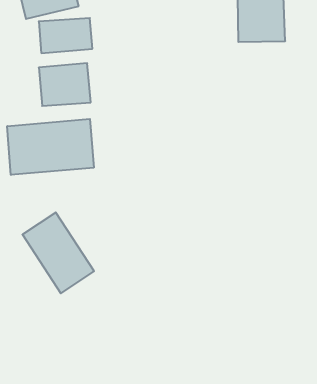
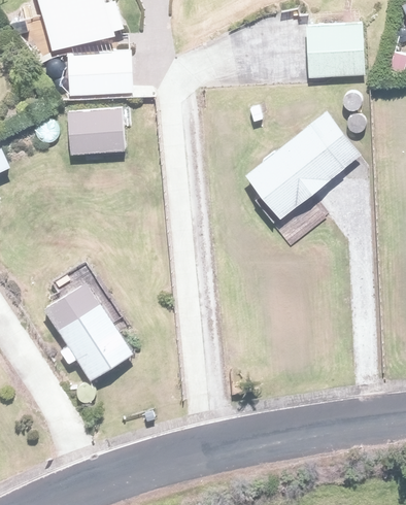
building: none -> [245,110,361,218]
building: [7,119,94,175] -> none

